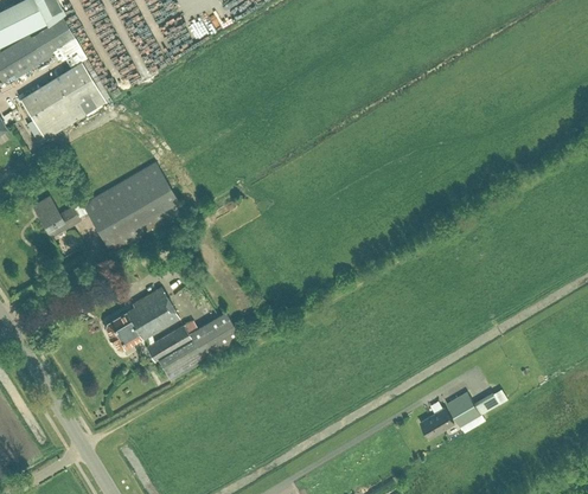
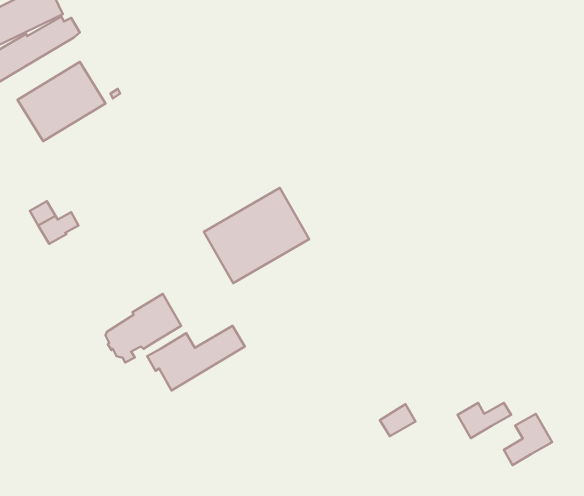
building: [82,161,184,254] -> [204,188,309,283]
building: none -> [504,414,552,465]
building: [420,408,454,438] -> [380,404,415,436]

